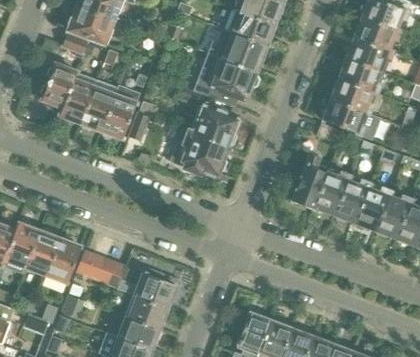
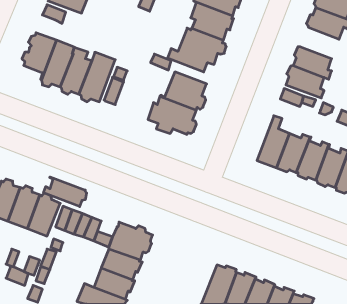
building: [338,58,380,93] -> none
building: none -> [44,177,87,207]

